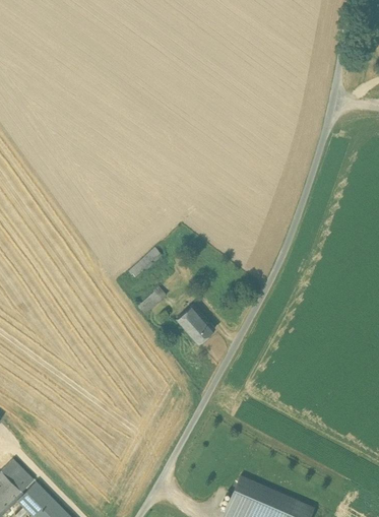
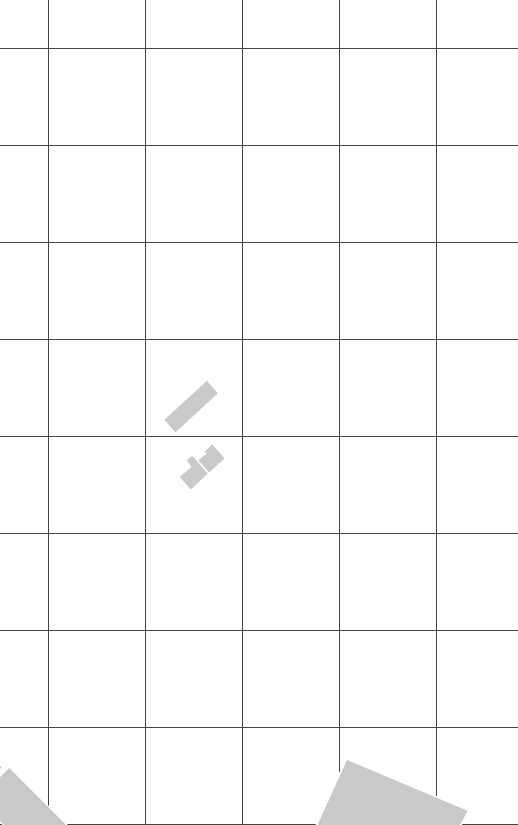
building: [178,304,215,343] -> none

